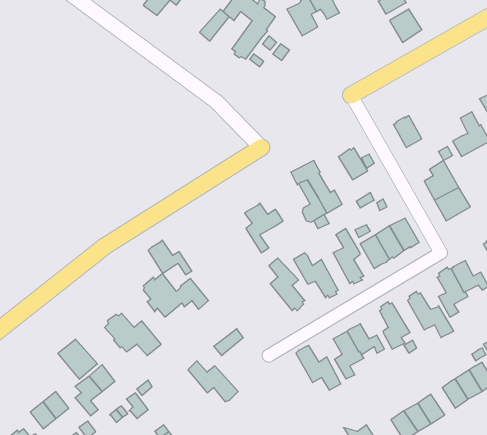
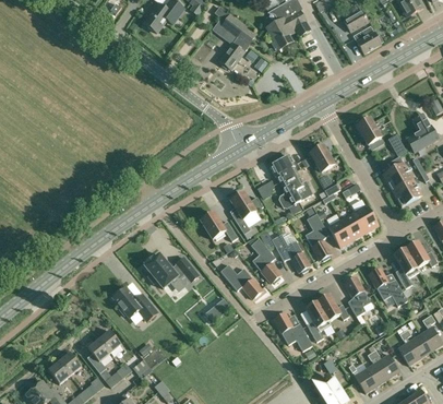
building: [148,240,192,275] -> [201,211,238,240]
building: [58,339,98,379] -> none
building: [188,361,238,402] -> [220,263,263,298]

